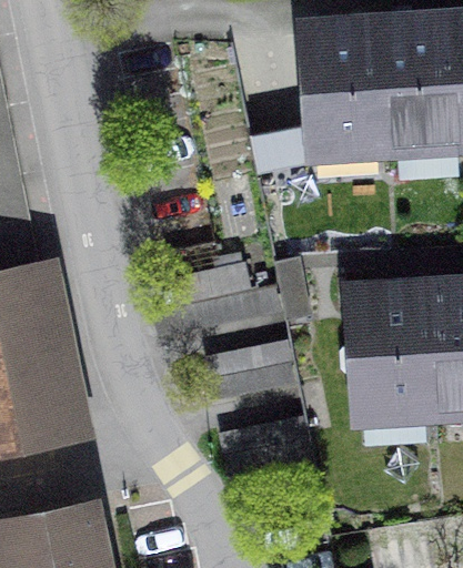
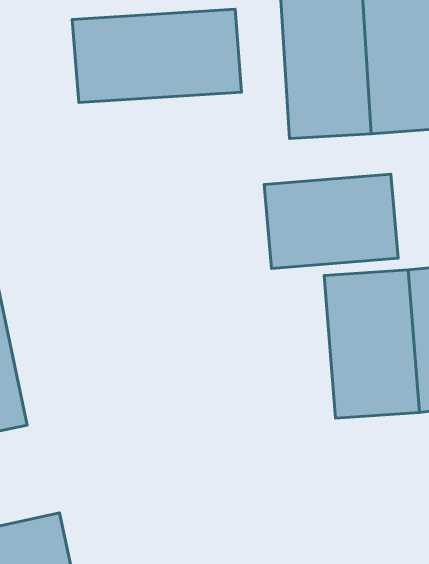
building: none -> [72,9,242,103]
building: none -> [264,174,398,268]

